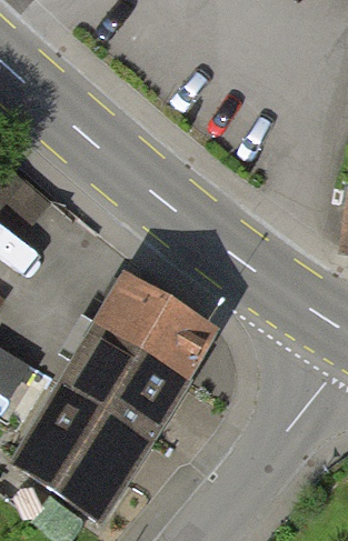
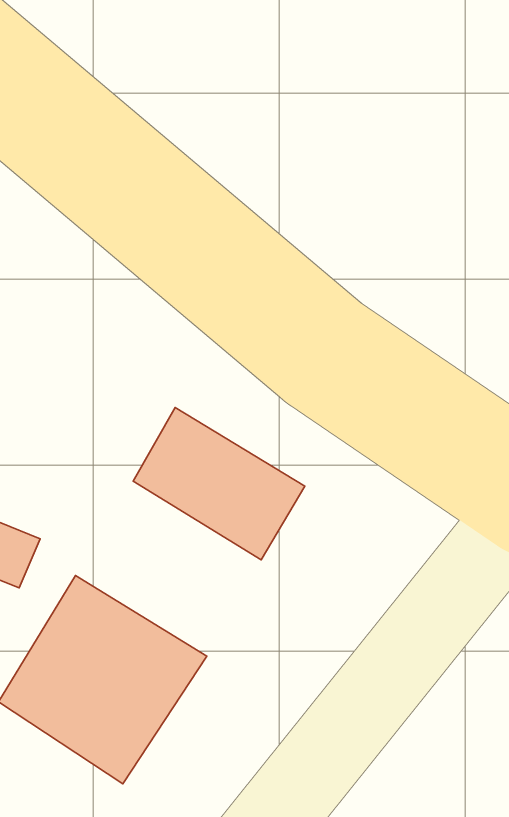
building: [63,321,181,432] -> none

